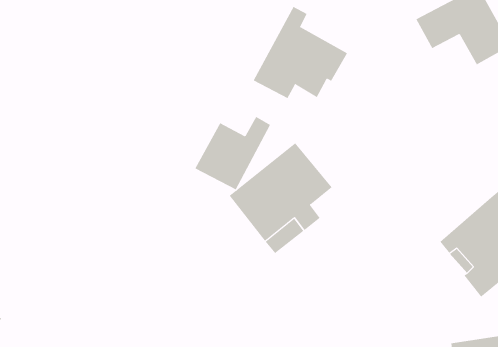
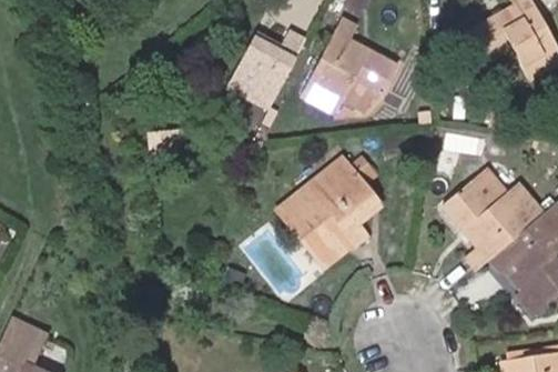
building: [195,116,271,190] -> [227,30,305,105]
building: none -> [443,181,542,269]

